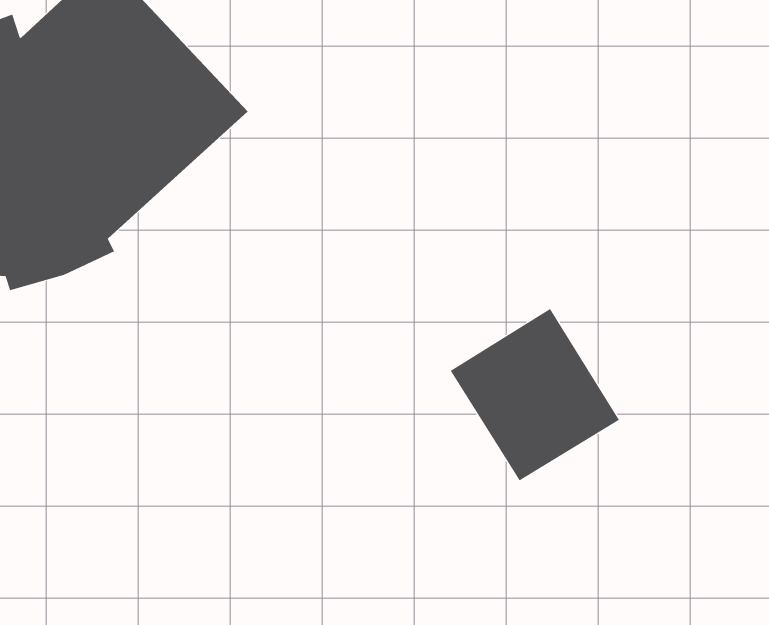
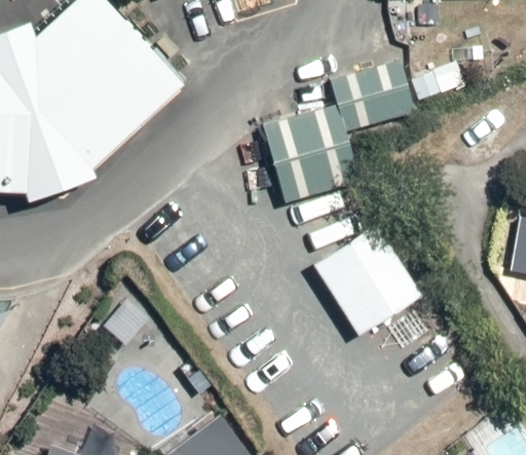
building: none -> [260,59,413,203]

